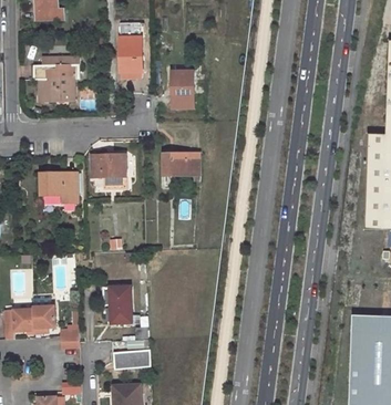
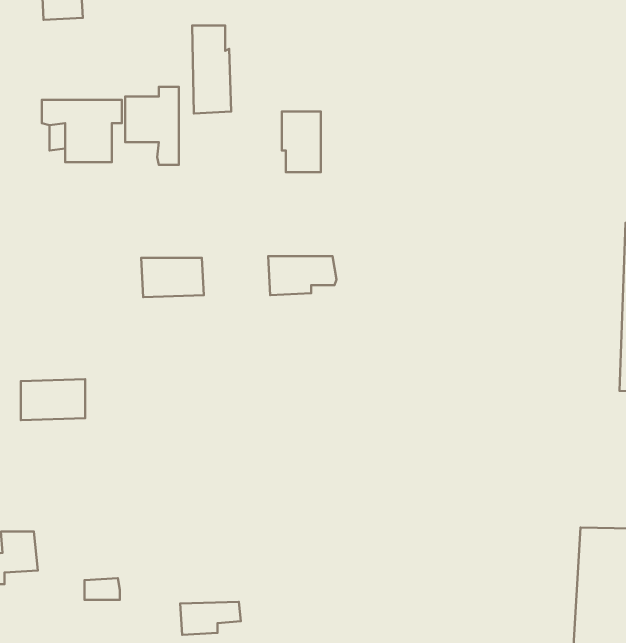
building: none -> [125,87,179,165]
building: [42,170,79,194] -> [21,379,85,420]
building: [110,287,133,324] -> none
building: [31,307,55,334] -> none

